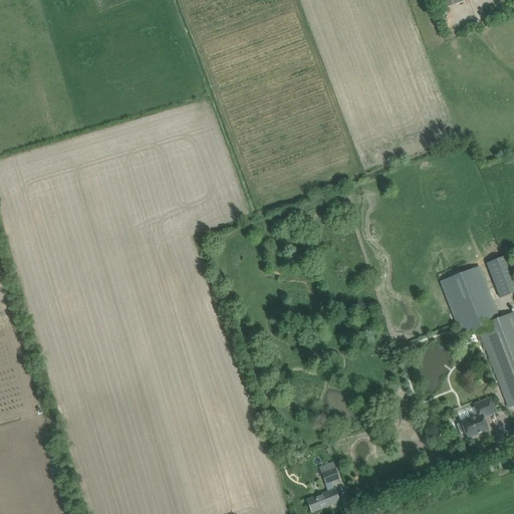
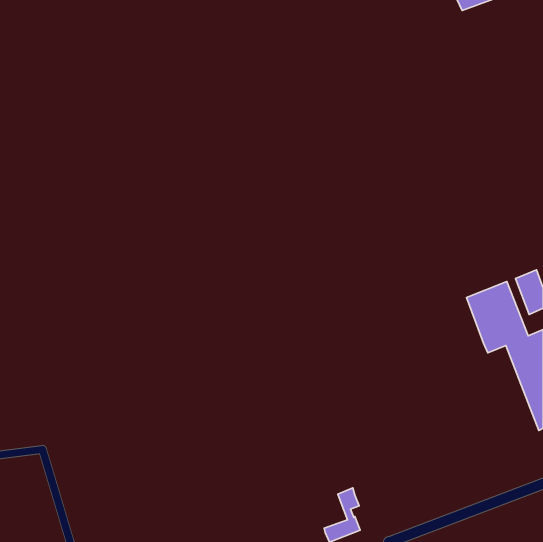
building: [457,398,496,438] -> none

